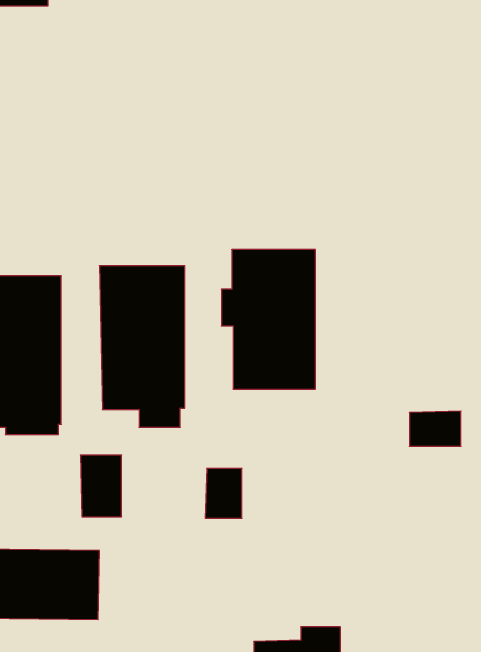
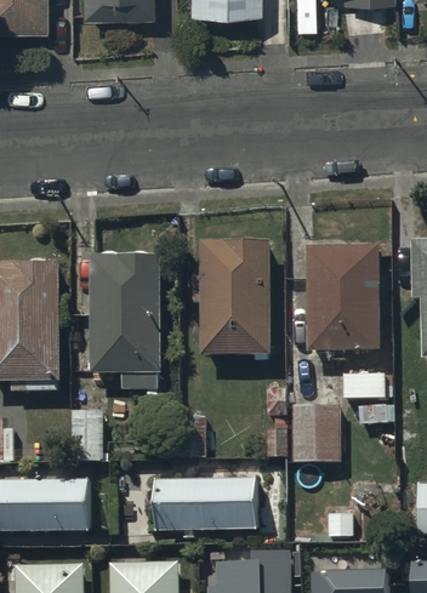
building: none -> [308,239,380,346]
building: none -> [290,414,340,468]
building: none -> [154,481,257,540]

